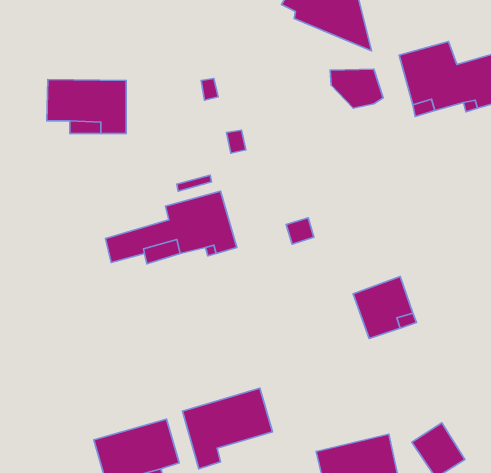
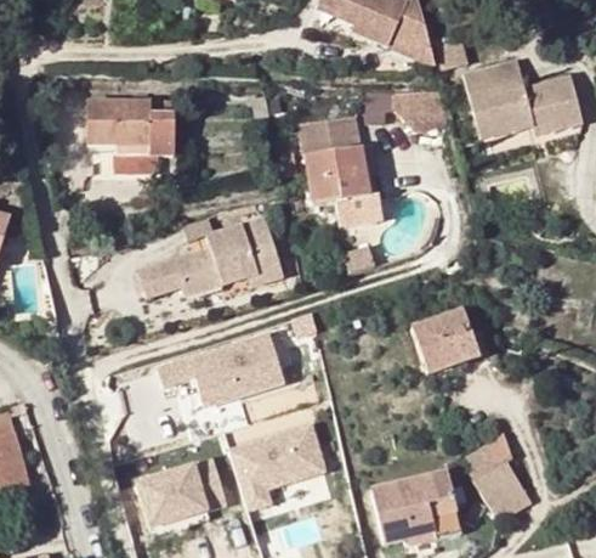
building: none -> [300,112,381,224]
building: none -> [160,332,286,405]
building: none -> [467,432,511,481]

